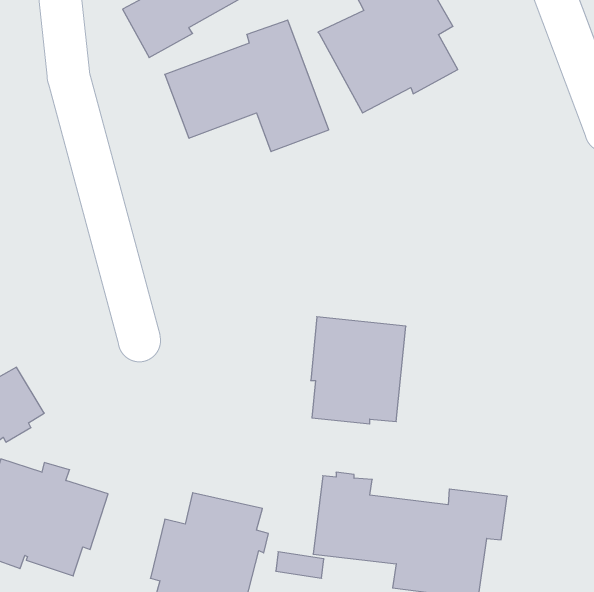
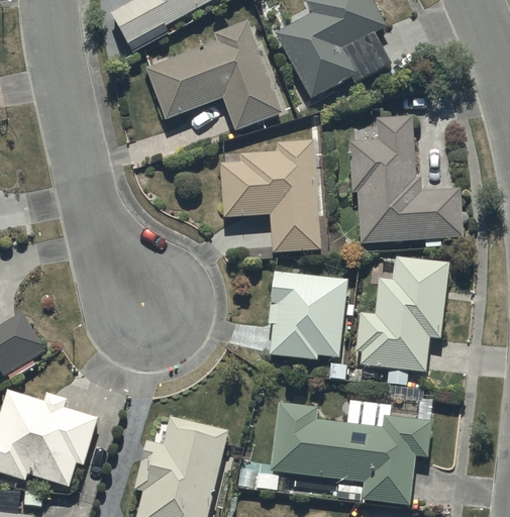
building: none -> [349,115,464,244]
building: none -> [219,139,321,252]
building: none -> [355,256,448,384]

